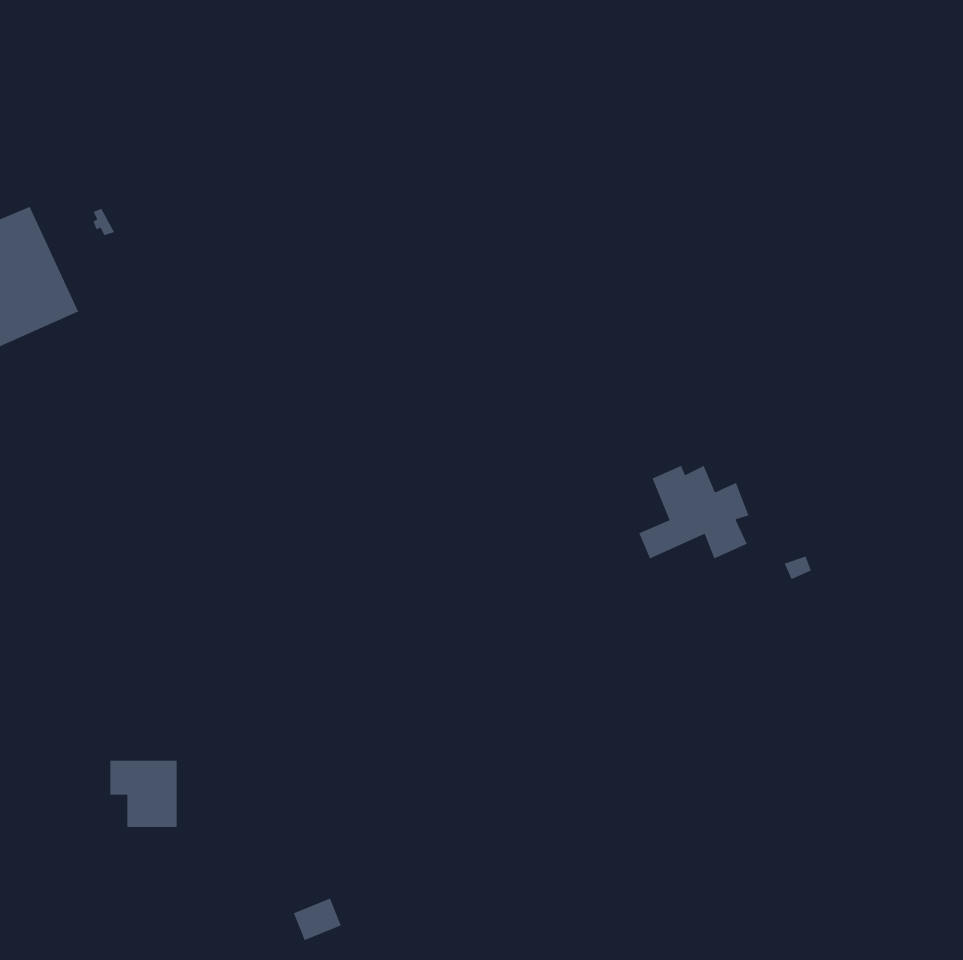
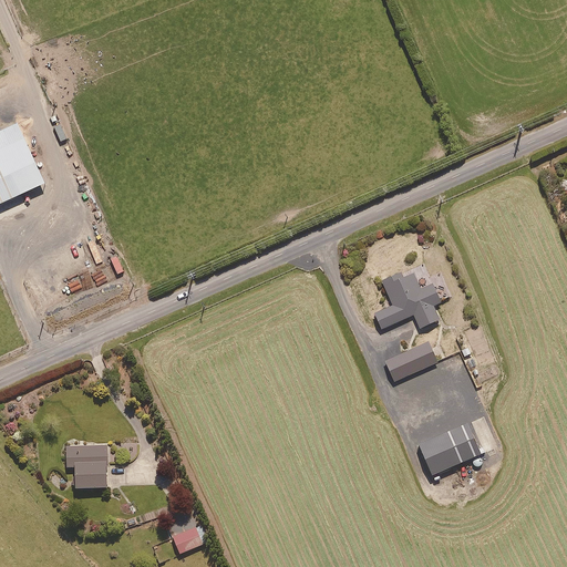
building: none -> [384,341,436,381]
building: none -> [417,414,496,476]

